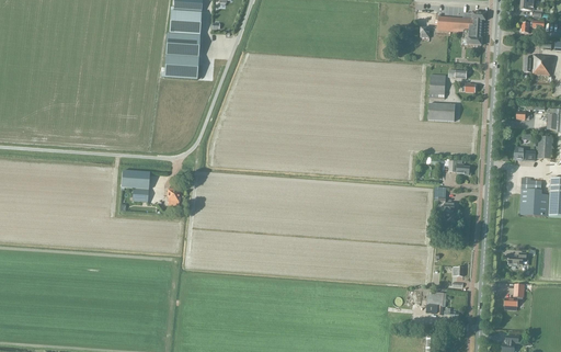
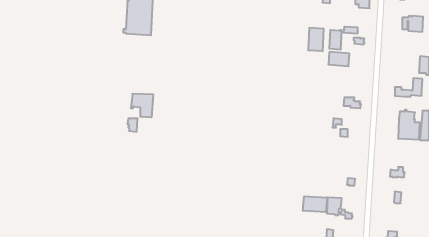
building: none -> [308,28,323,51]
building: [121,171,150,202] -> [131,94,153,117]
building: none -> [303,196,327,212]

